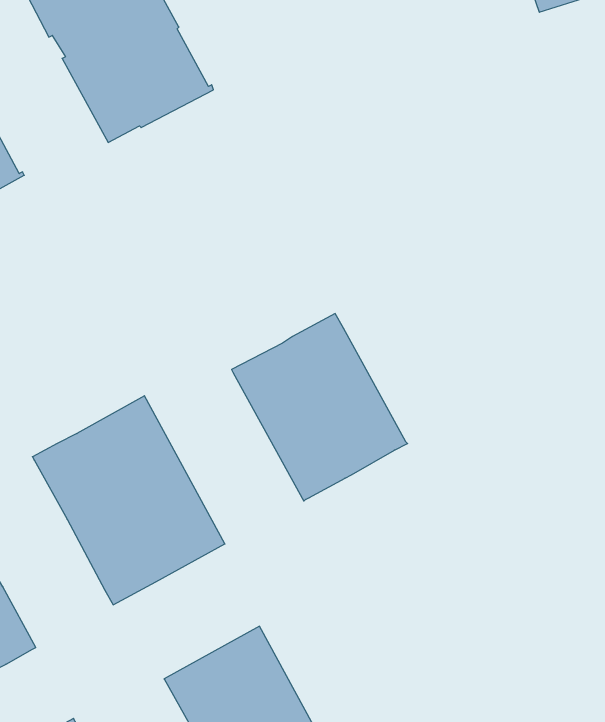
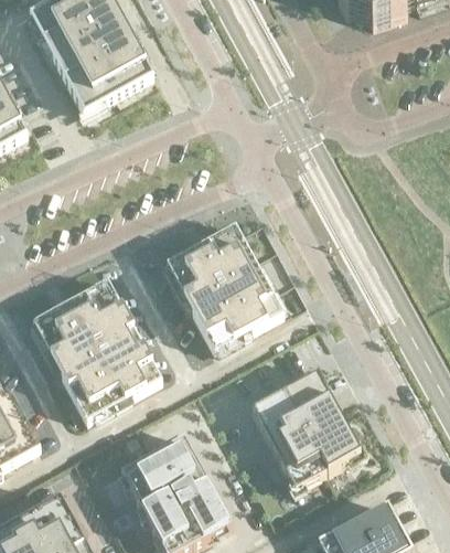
building: none -> [251,373,360,490]

